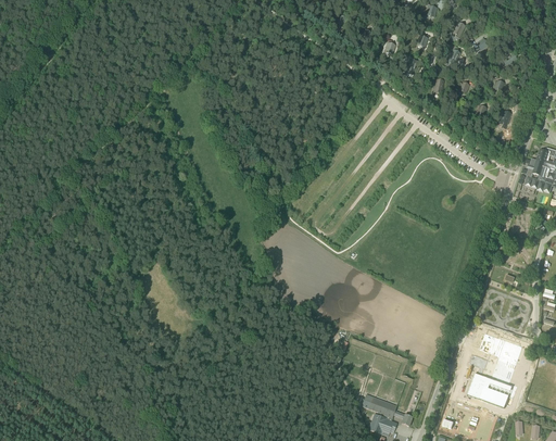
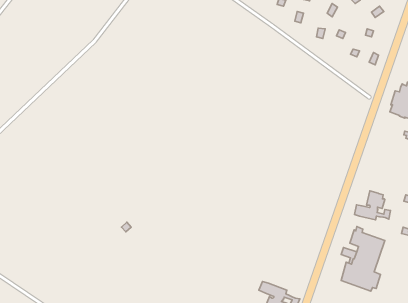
building: none -> [354,191,390,220]

